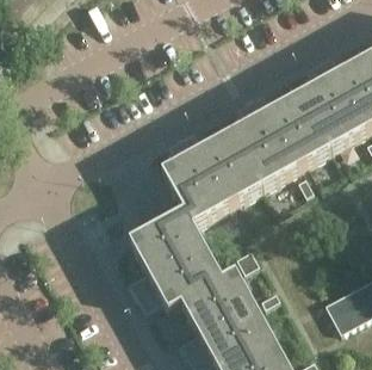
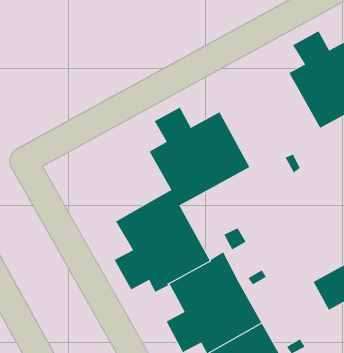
building: [232,84,331,181] -> none

